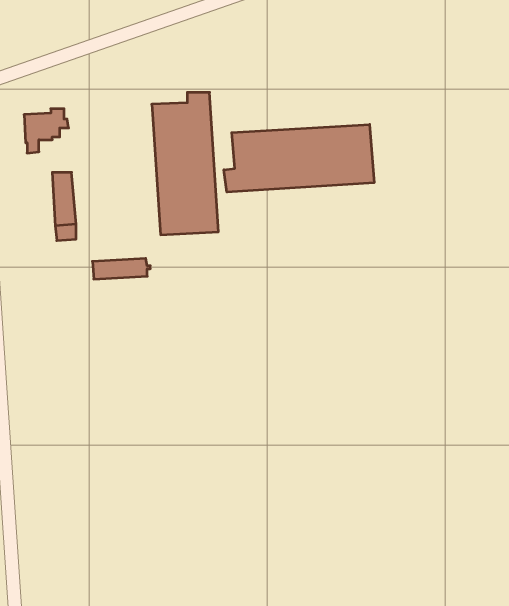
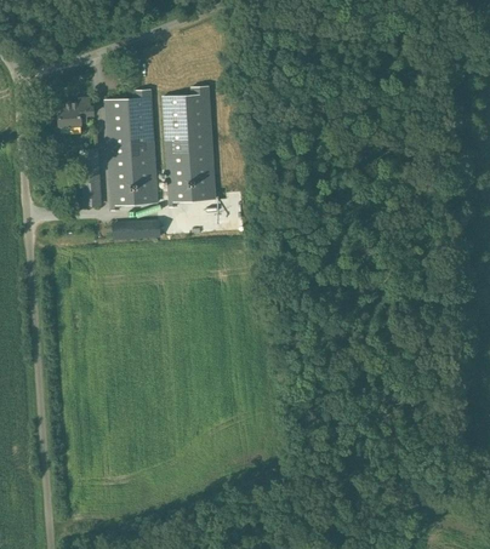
building: none -> [107,99,156,205]
building: [224,124,374,192] -> none

